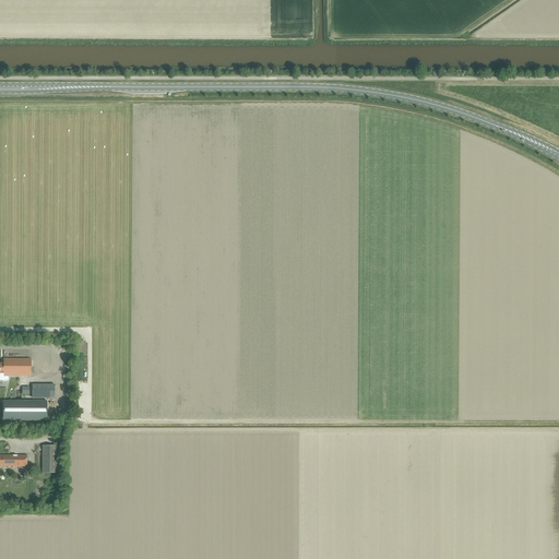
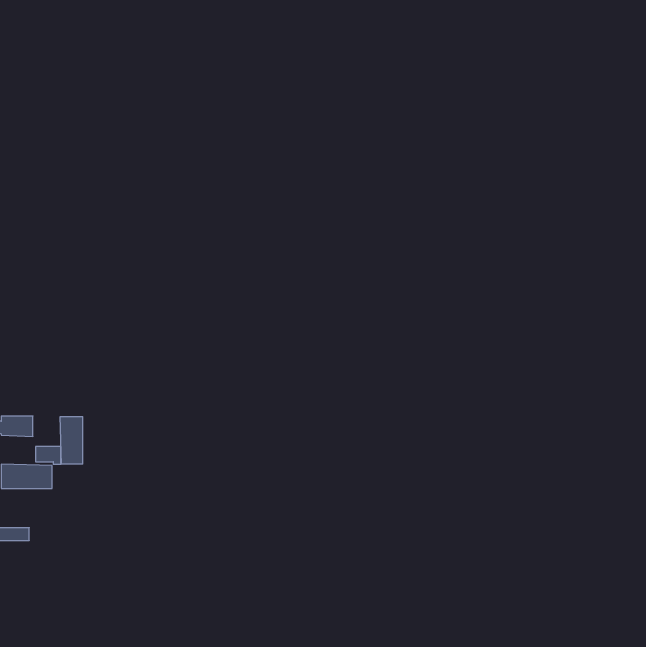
building: none -> [60,417,83,464]
building: [40,445,56,473] -> none

